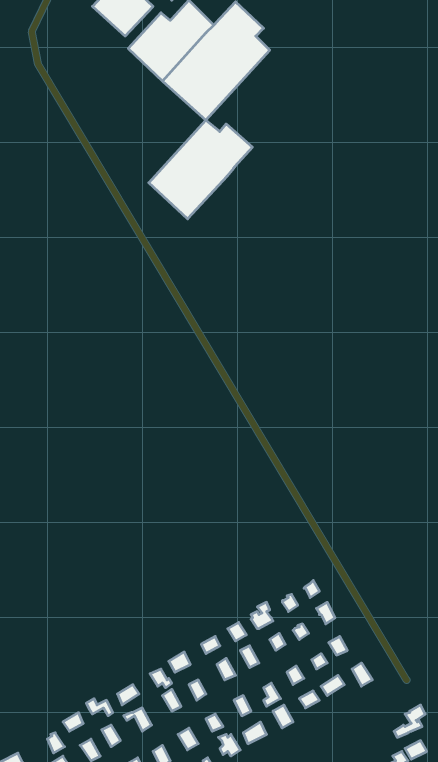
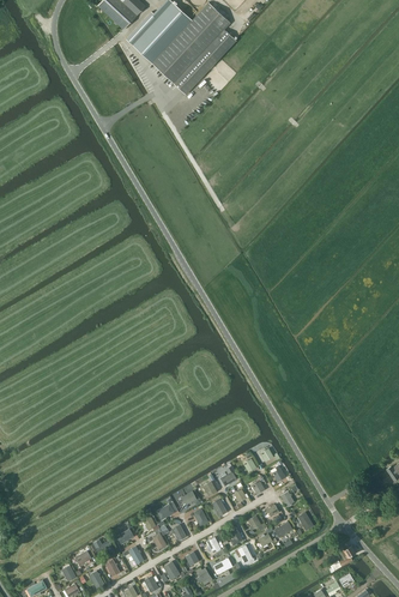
building: [149,120,252,219] -> none

